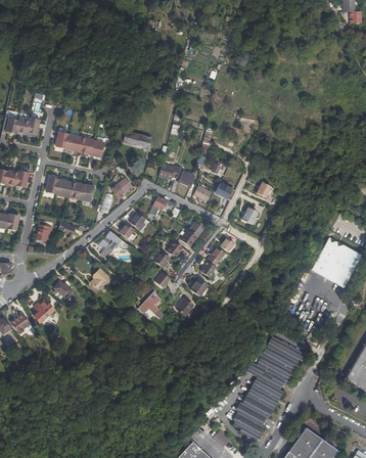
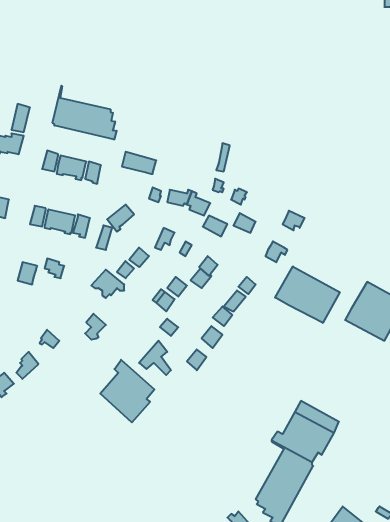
building: none -> [53,86,117,140]
building: none -> [275,266,340,323]
building: none -> [100,360,154,422]

